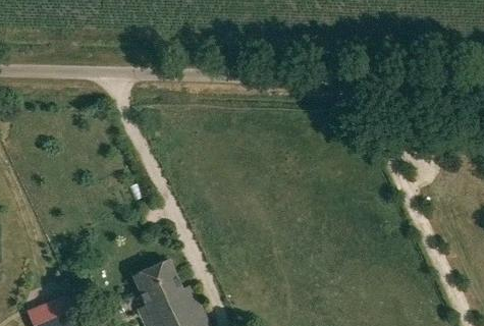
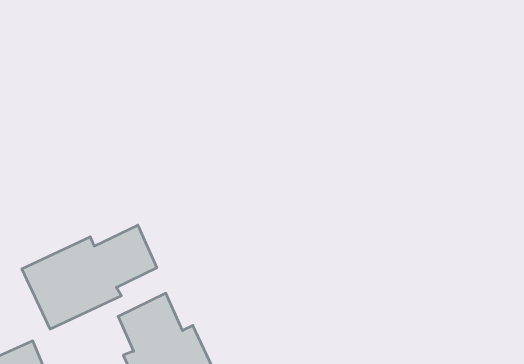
building: none -> [22,225,157,329]

